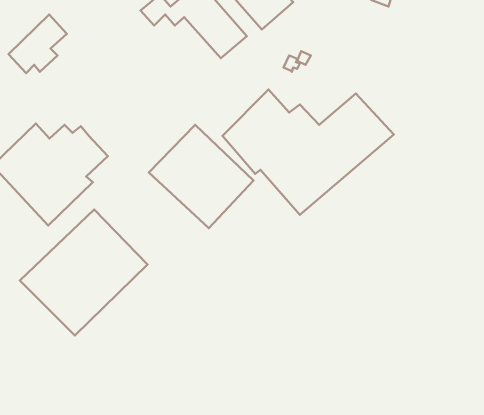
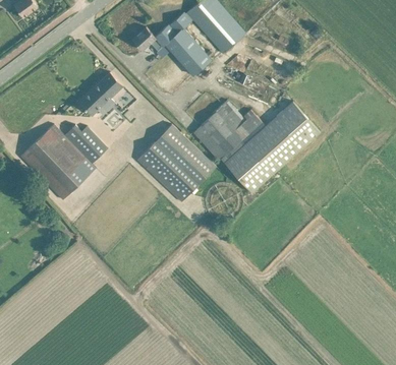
building: [8,15,67,73] -> [77,72,121,116]
building: [20,209,147,335] -> none

